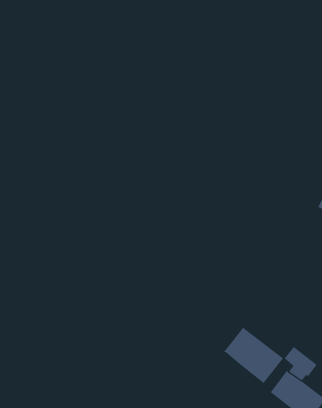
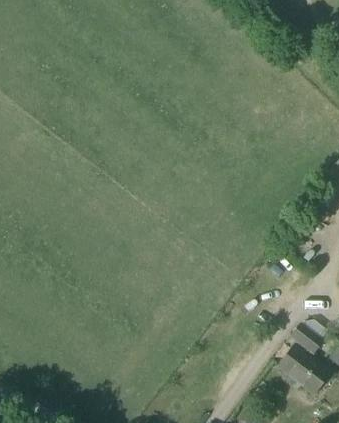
building: [223,327,284,384] -> none

